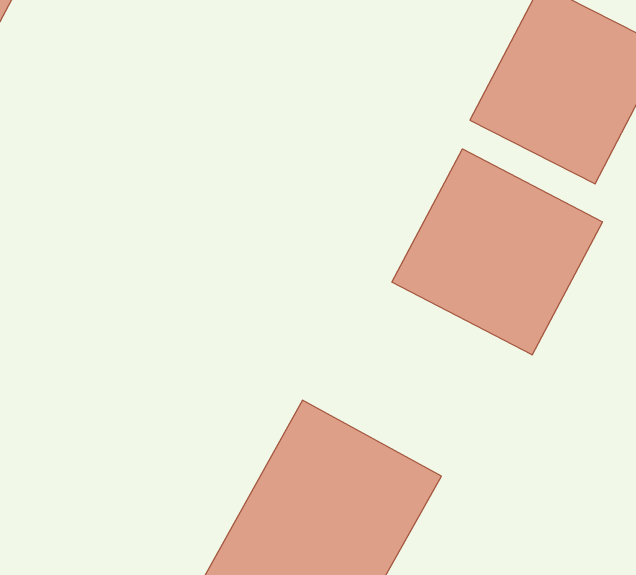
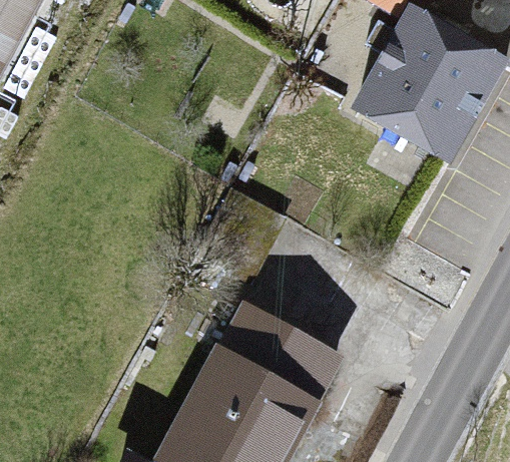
building: [392,149,602,355] -> none

